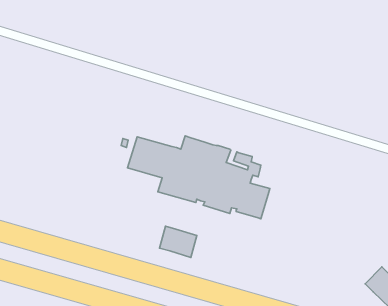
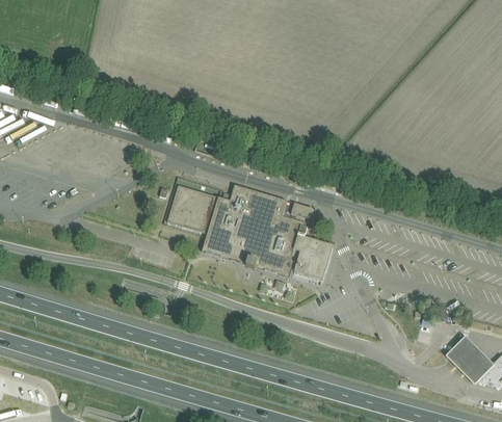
building: [159,226,197,257] -> none

